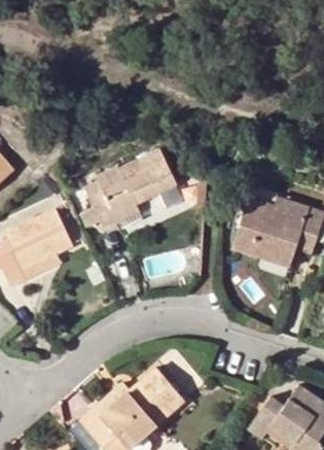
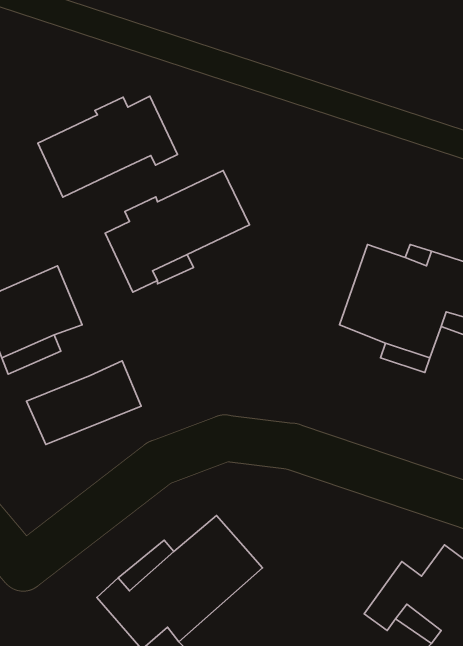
building: none -> [38,96,178,197]
building: none -> [26,361,141,445]

